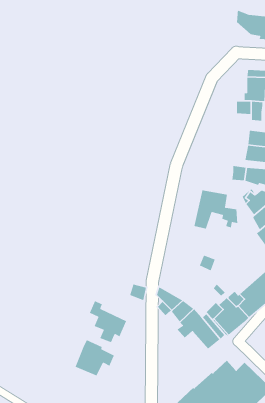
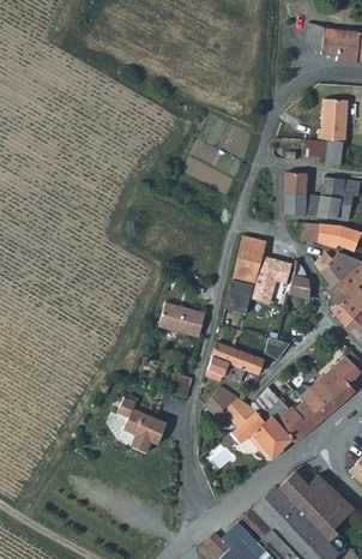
building: none -> [285,173,308,215]
building: none -> [228,235,267,315]
building: none -> [159,303,204,337]
building: none -> [211,341,266,383]
building: [75,339,115,377] -> none

